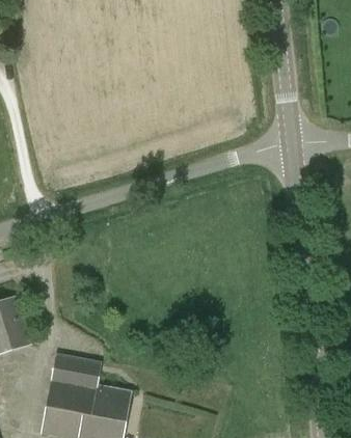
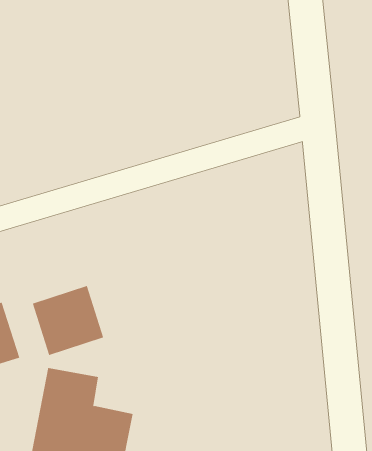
building: none -> [32,285,104,356]

